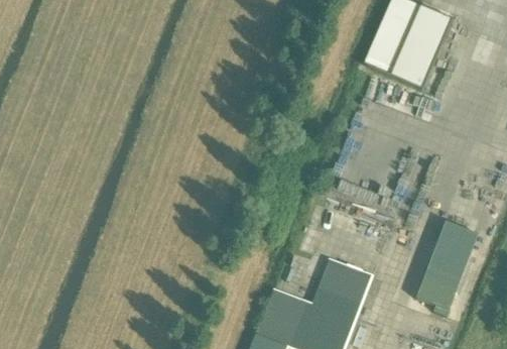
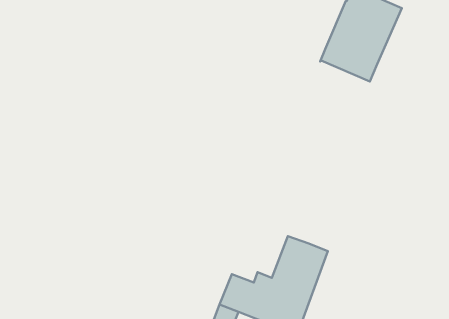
building: [414,221,477,316] -> none

